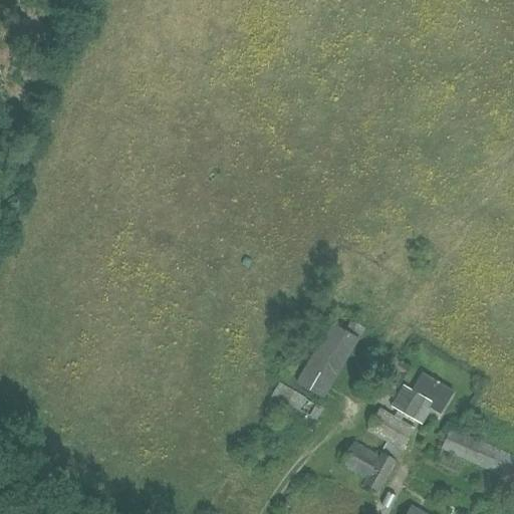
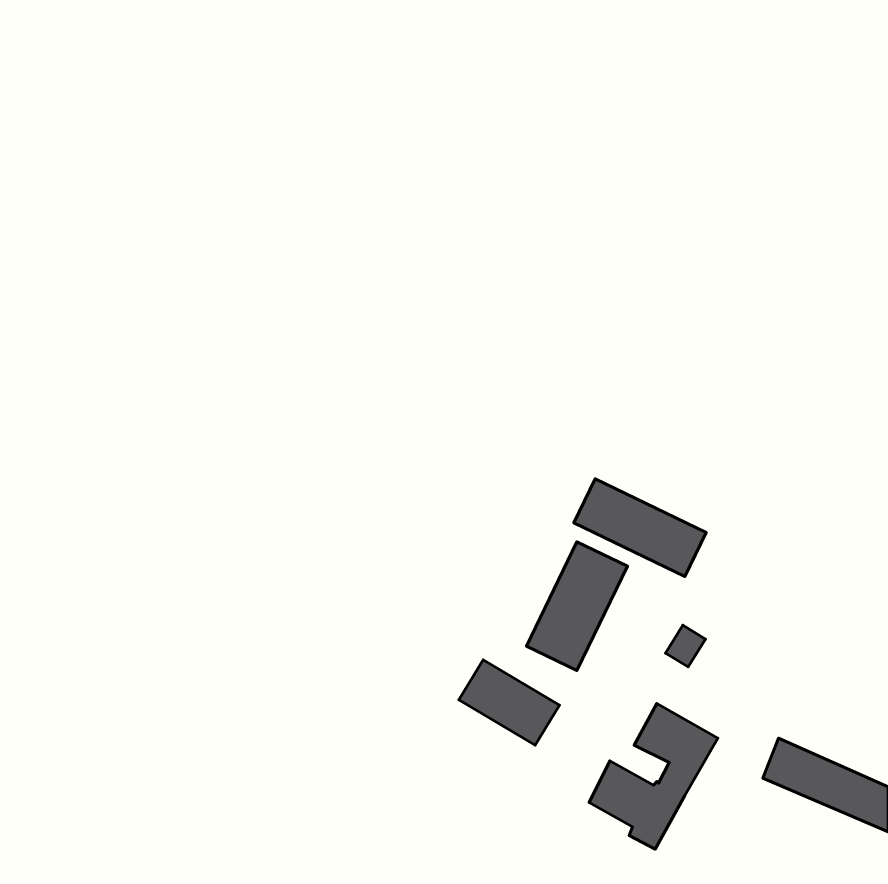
building: none -> [574,479,706,577]
building: [390,370,454,425] -> none

